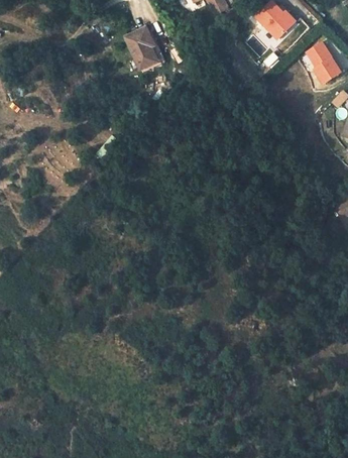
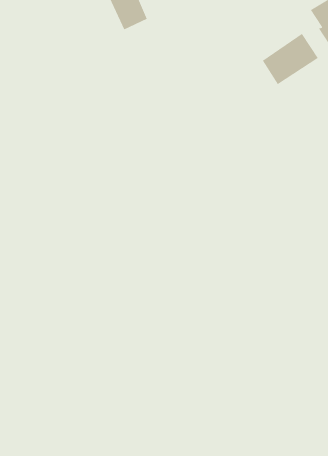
building: none -> [262,33,319,85]

